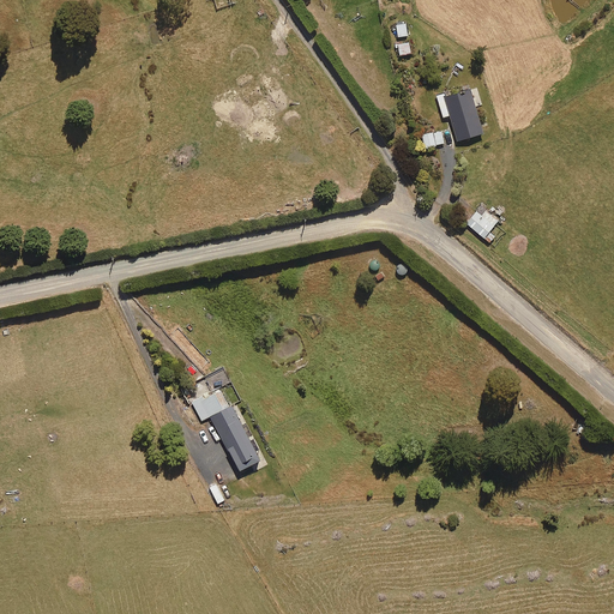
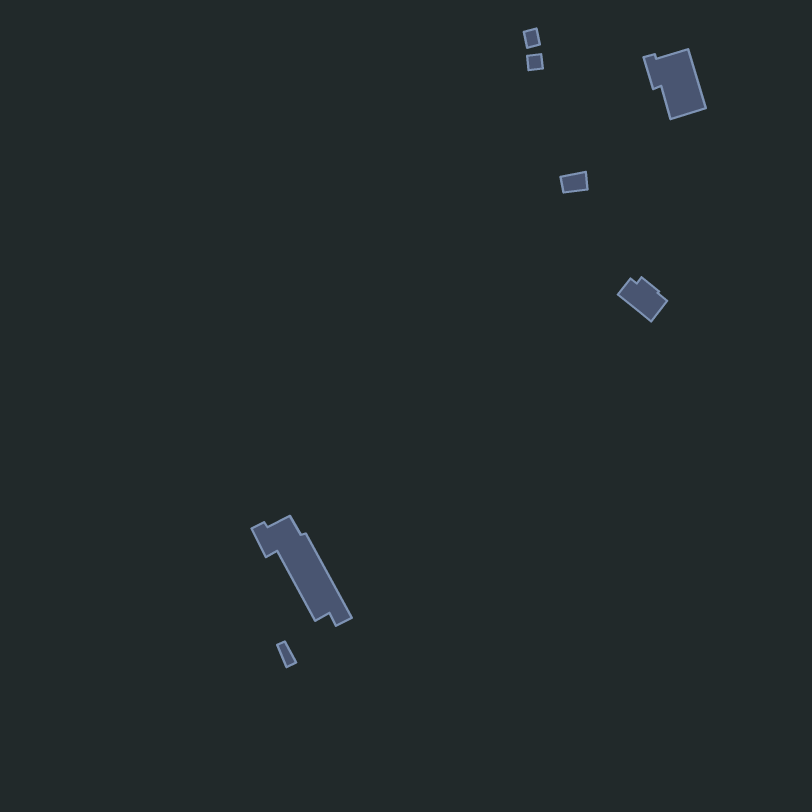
building: [435,88,482,140] -> [644,49,706,119]

